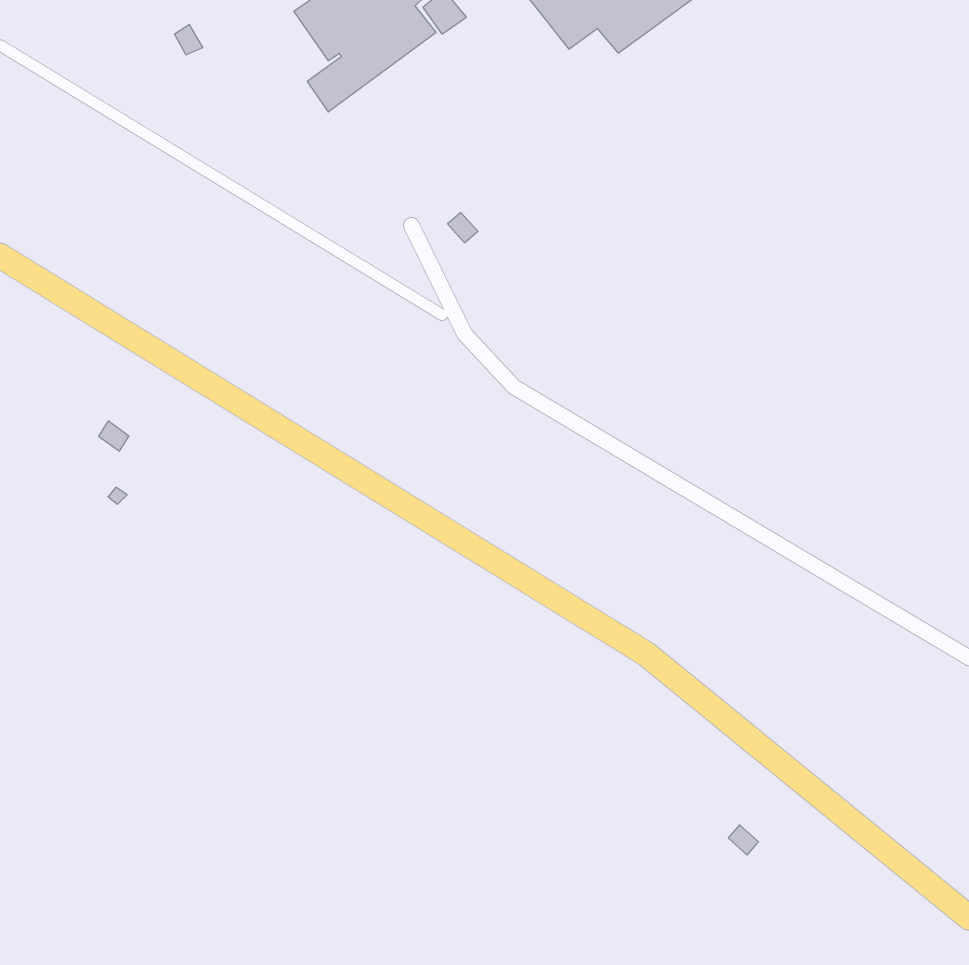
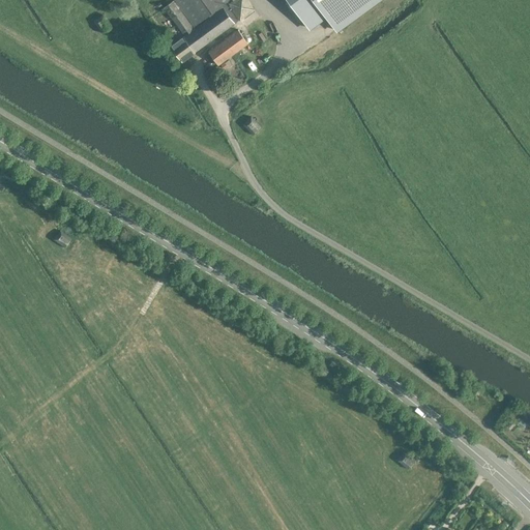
building: none -> [207,28,246,63]

